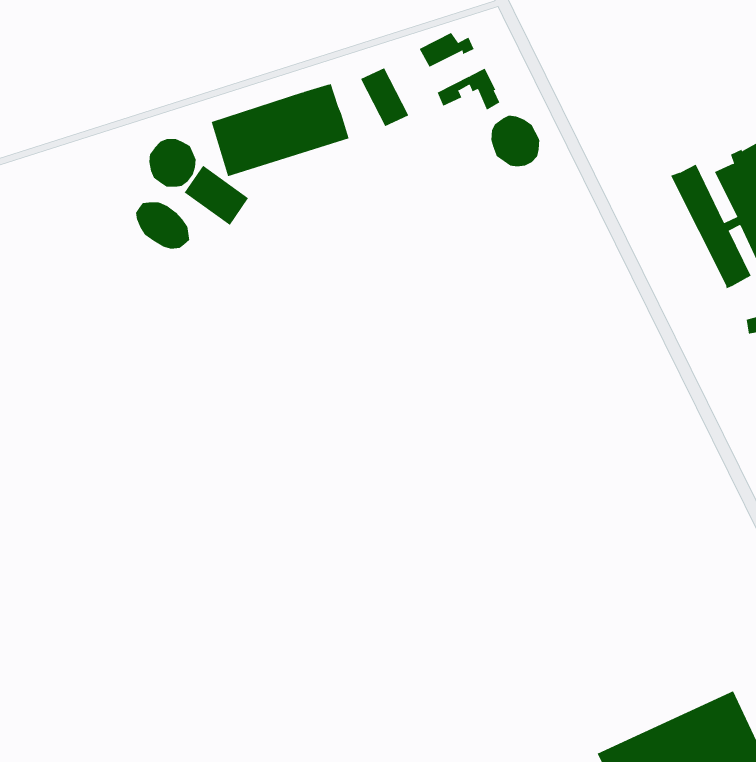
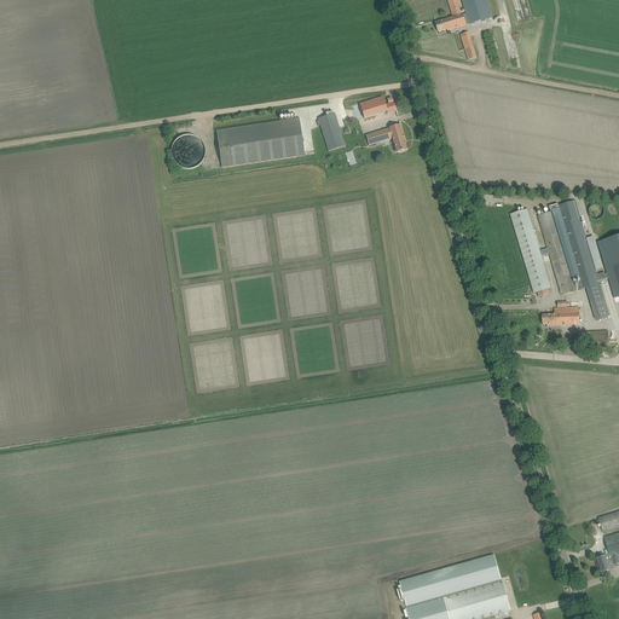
building: [491,115,540,167] -> none
building: [184,165,249,226] -> none
building: [135,201,190,249] -> none

